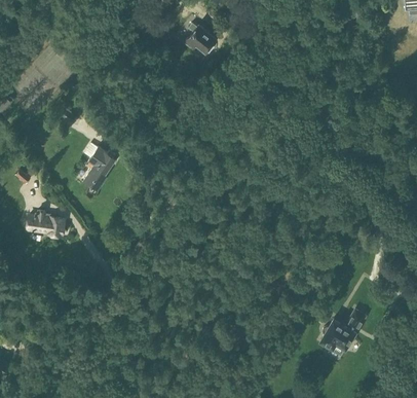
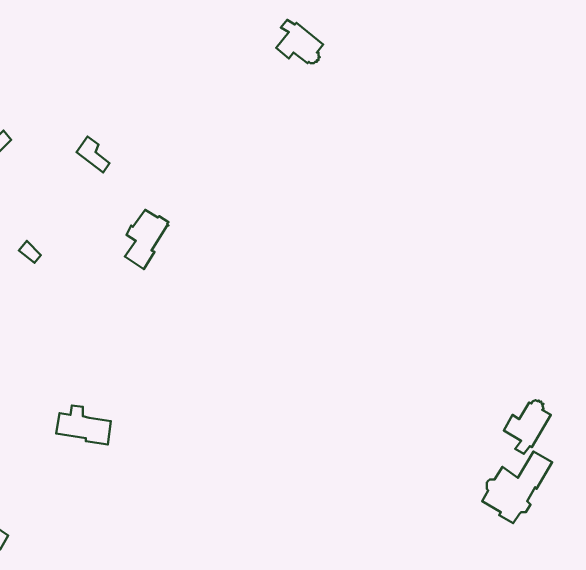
building: [28,210,64,236] -> [56,405,111,444]
building: none -> [504,400,551,454]

